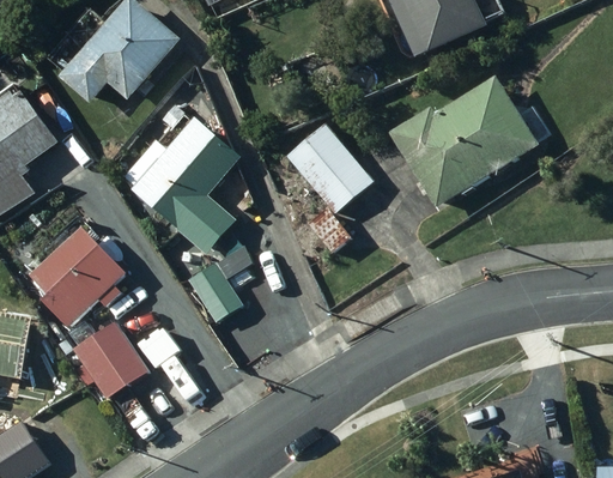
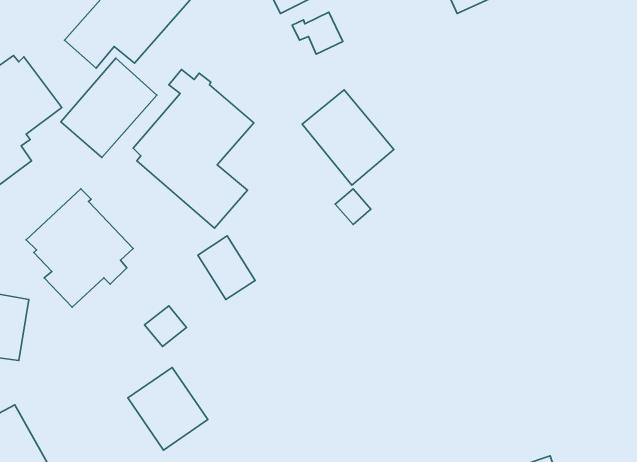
building: [392,77,539,206] -> none
building: none -> [61,58,157,157]
building: [72,321,147,399] -> [128,367,208,450]

